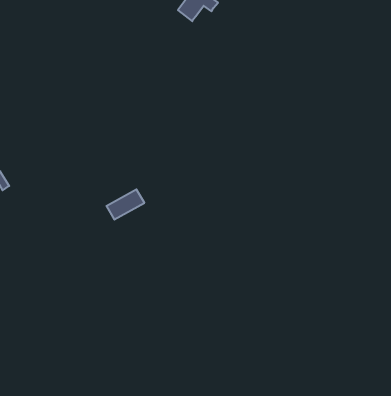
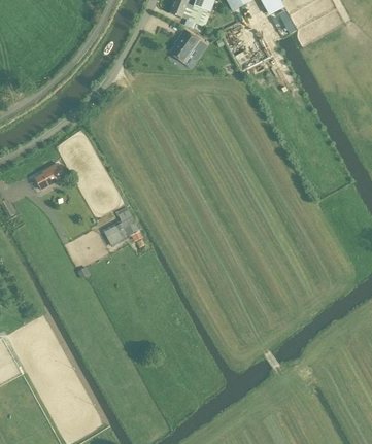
building: none -> [35,163,65,190]

